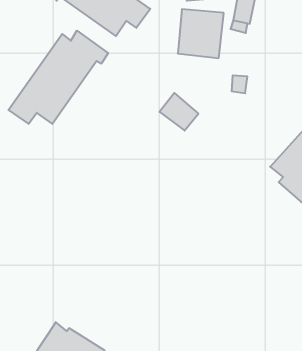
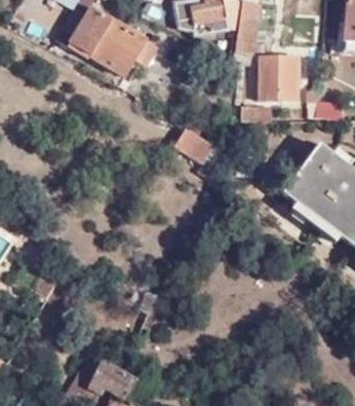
building: [178,9,224,58] -> [257,59,299,104]
building: [8,31,108,124] -> none

